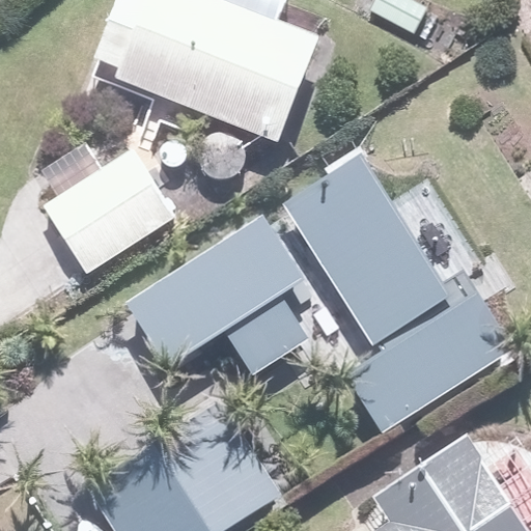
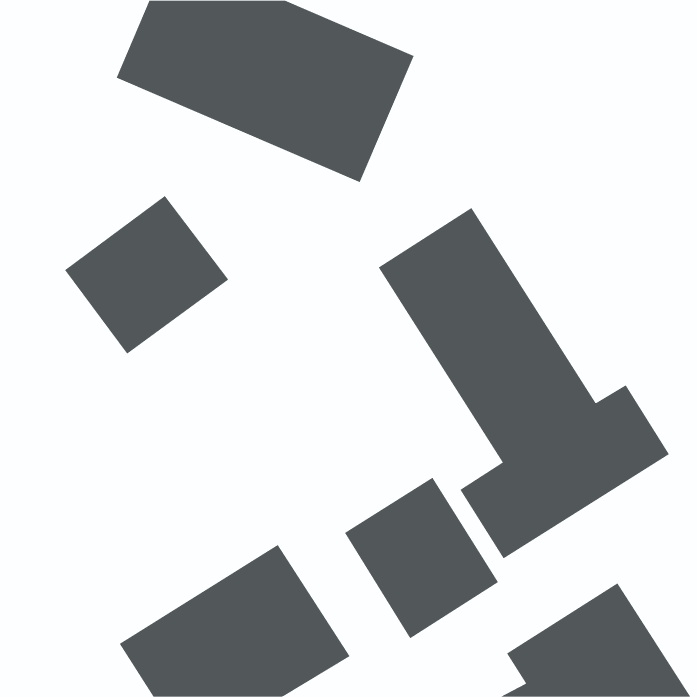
building: [131,215,308,375] -> none
building: none -> [344,477,499,639]

